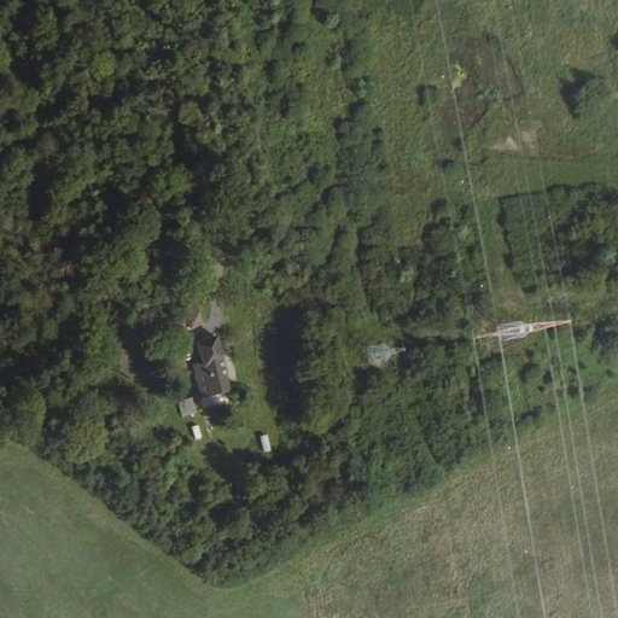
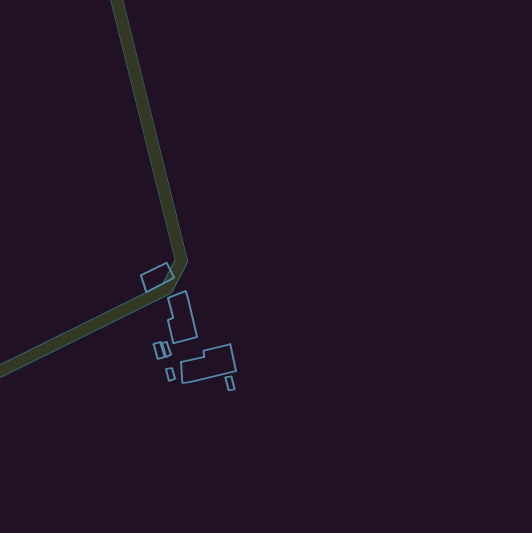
building: none -> [181,344,236,383]

